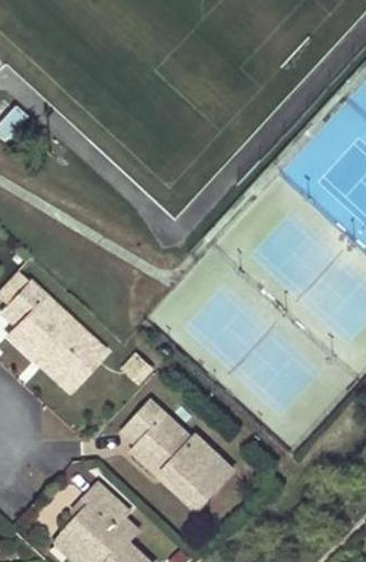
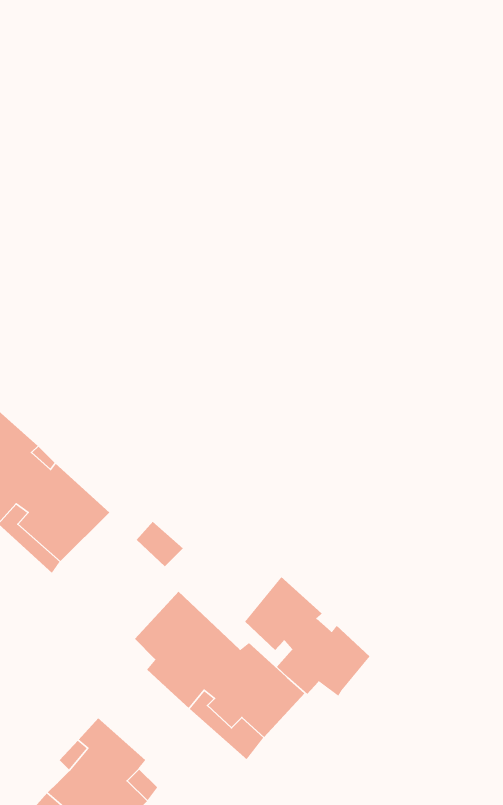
building: none -> [244,576,371,697]

